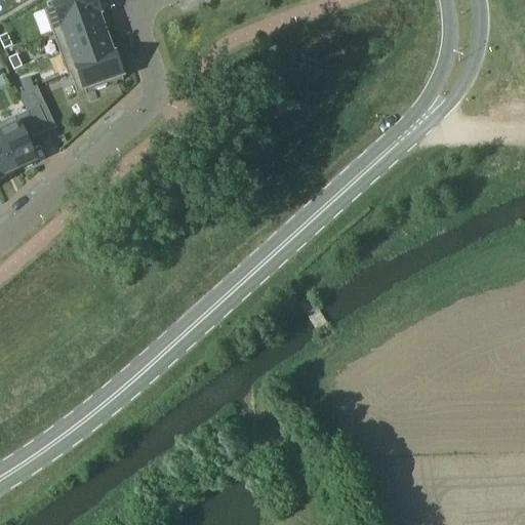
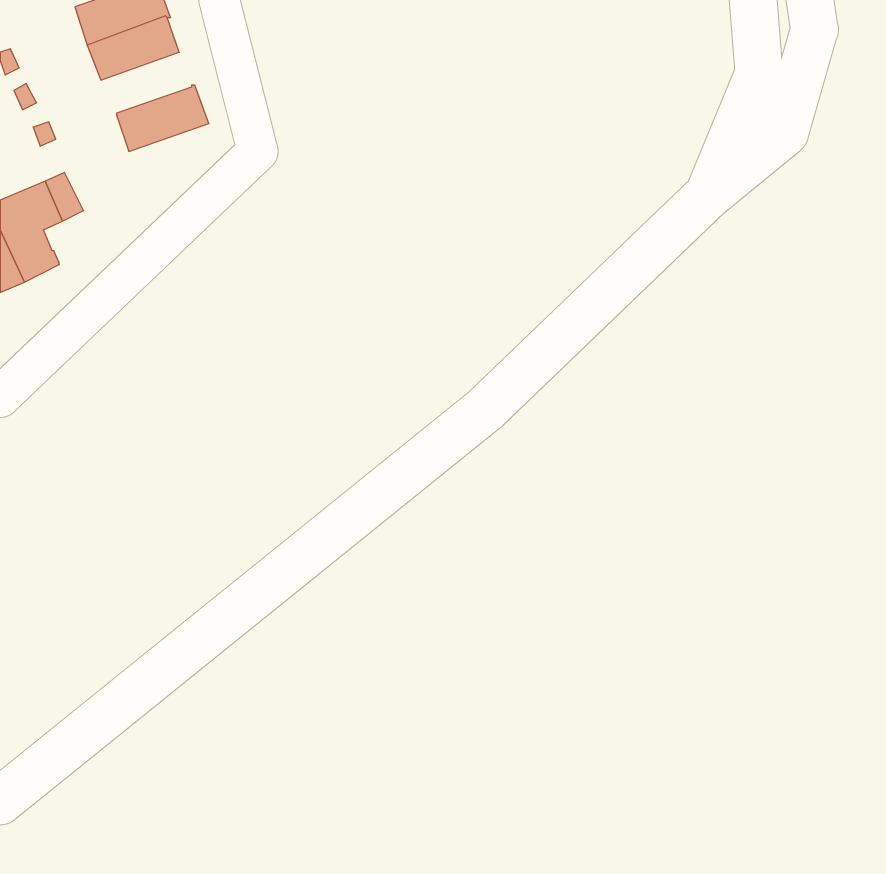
building: [62,31,115,69] -> none

